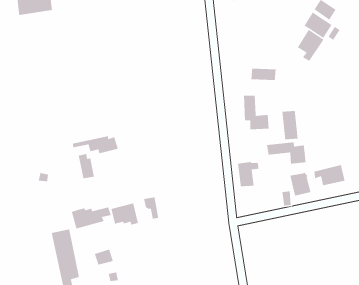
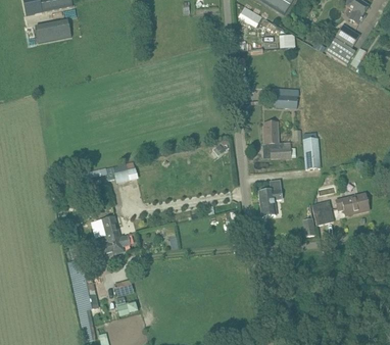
building: [297,29,325,62] -> none
building: [266,141,307,164] -> none
building: [111,202,139,225] -> [91,215,119,239]

